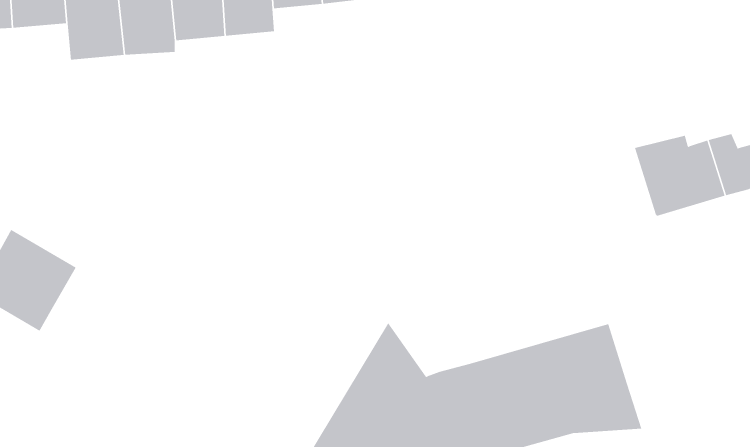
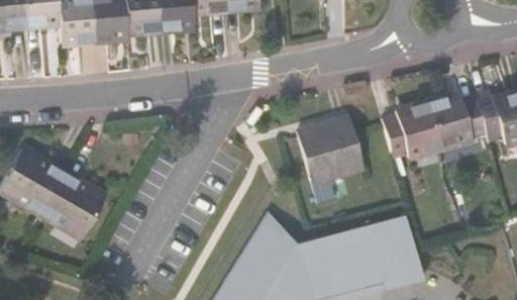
building: none -> [378,102,434,156]
building: none -> [295,112,359,181]
building: none -> [45,178,109,241]

